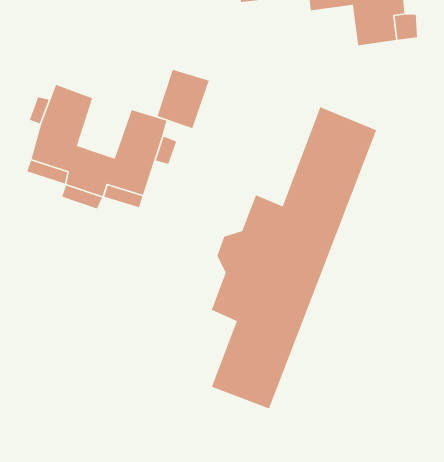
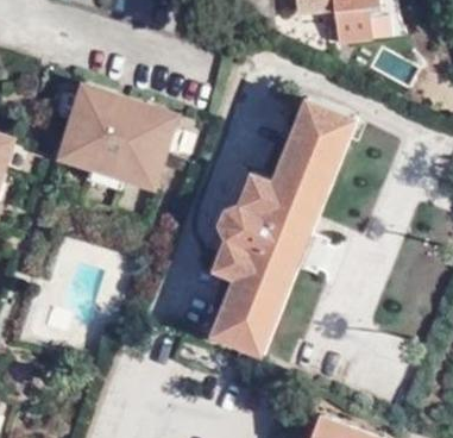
building: [157,69,210,129] -> [100,92,145,143]

